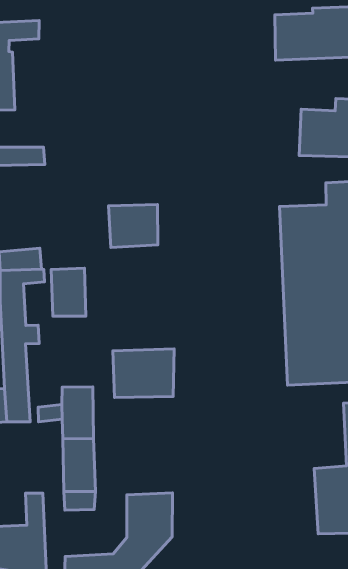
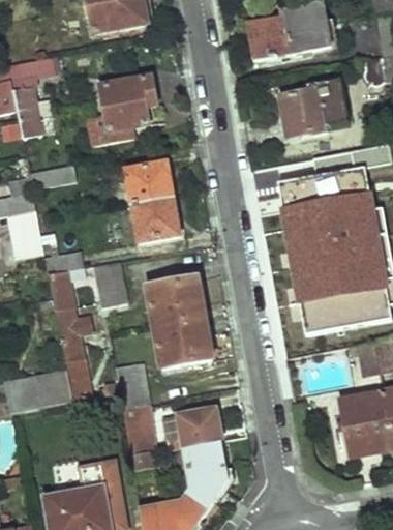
building: none -> [101,77,159,130]
building: none -> [127,161,174,204]
building: none -> [147,275,206,326]
building: none -> [178,407,222,446]

